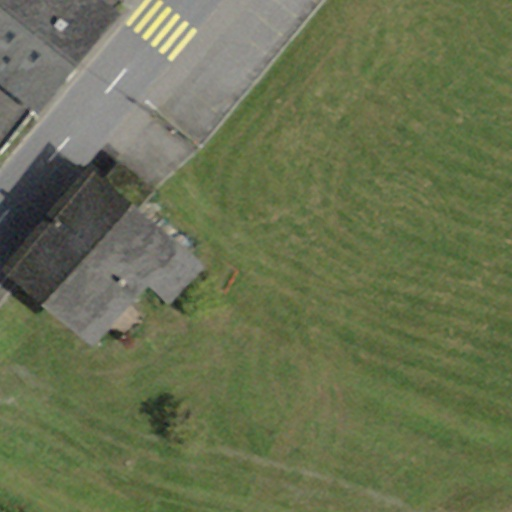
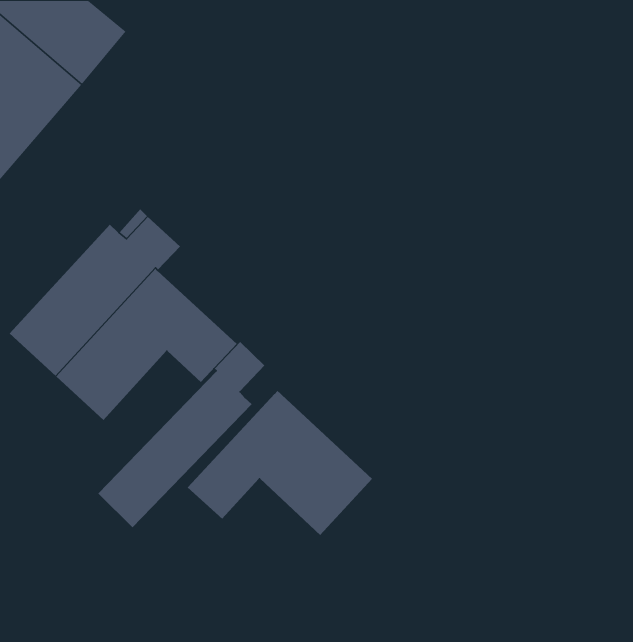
building: none -> [98,341,265,528]
building: none -> [187,390,373,536]

